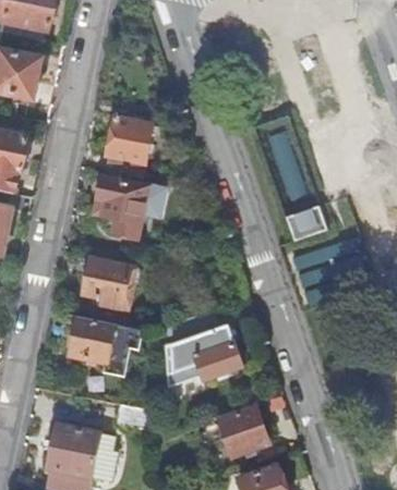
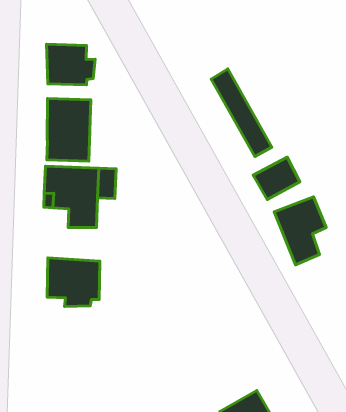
building: none -> [47,44,95,85]
building: [168,310,243,388] -> none
building: [63,314,144,377] -> none

